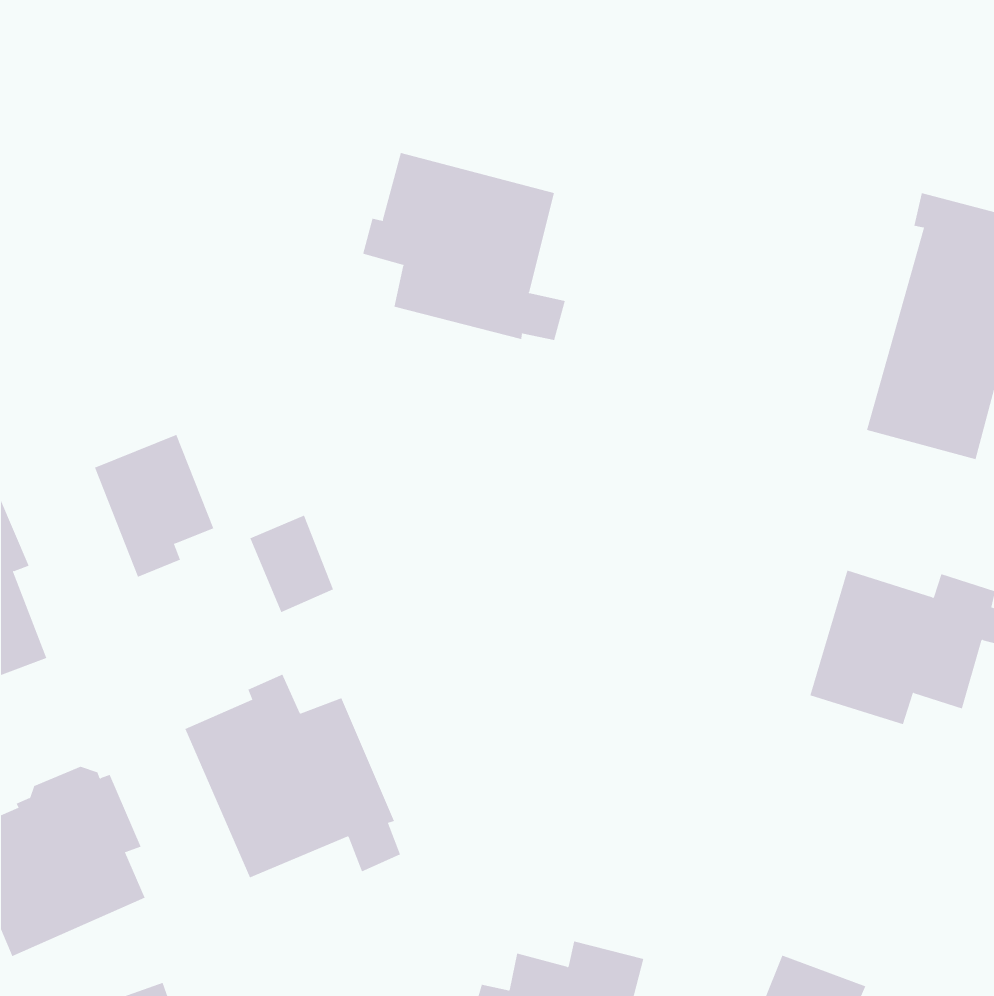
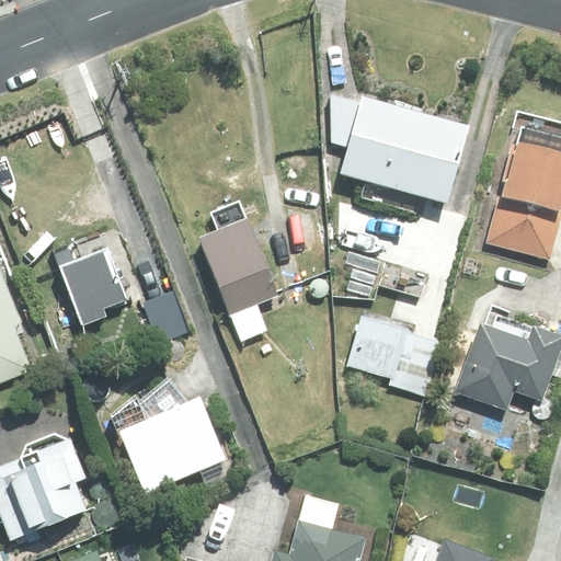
building: [362,152,566,341] -> none
building: none -> [332,94,467,202]
building: none -> [198,218,276,344]
building: none -> [351,316,416,376]

